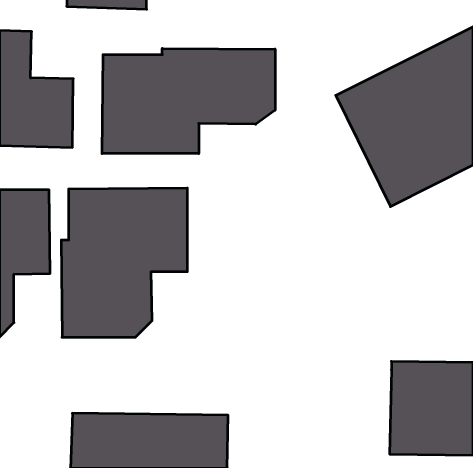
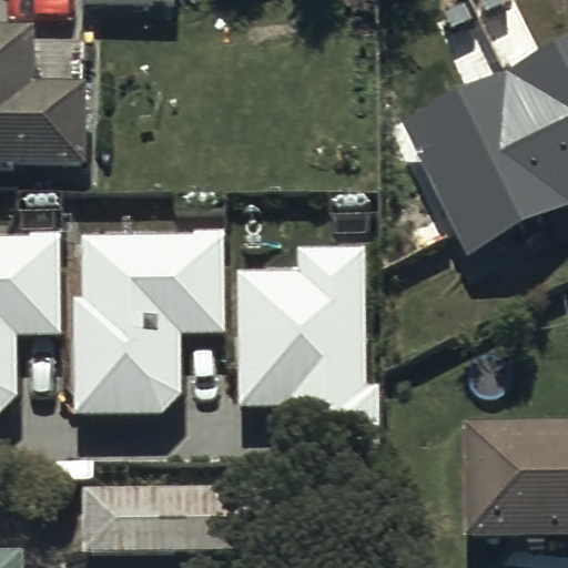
building: [102,48,275,154] -> none
building: none -> [237,237,382,446]

